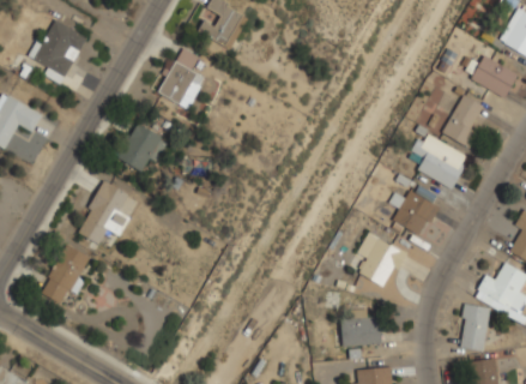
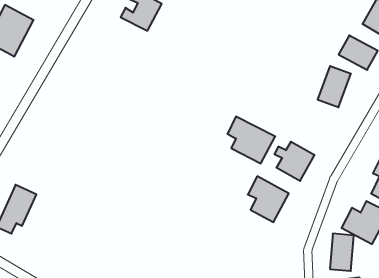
building: [157,47,205,109] -> none
building: [117,124,168,172] -> none
building: [411,131,471,190] -> [227,116,275,163]
building: [78,180,138,244] -> none
building: [340,310,382,346] -> none

